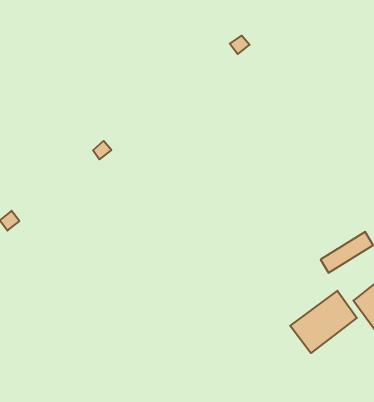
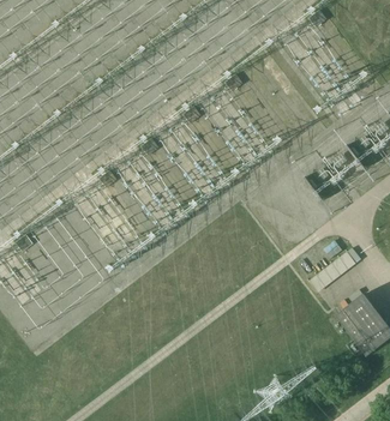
building: [290,291,357,353] -> none

